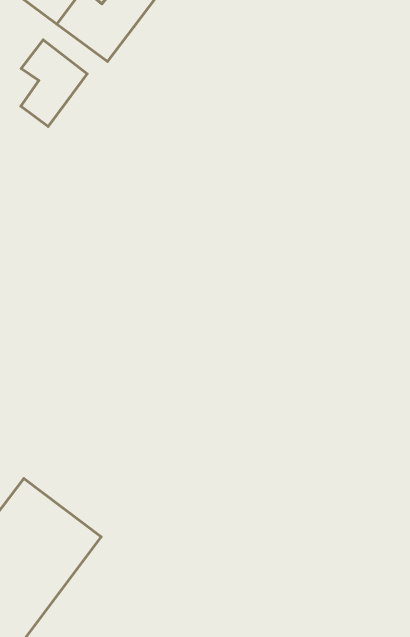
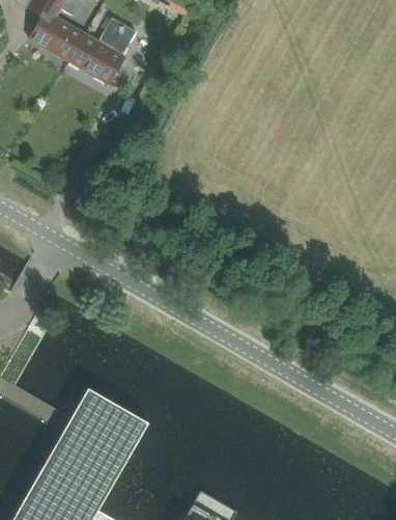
building: [21,40,87,126] -> none

